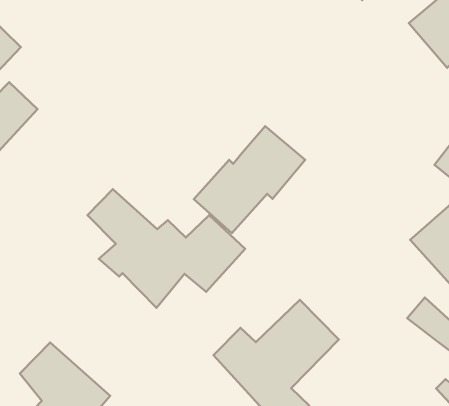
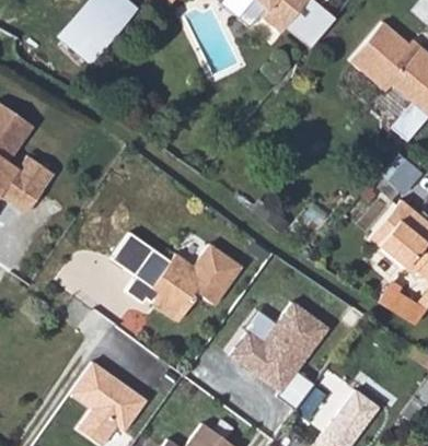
building: [194,126,305,233] -> none

